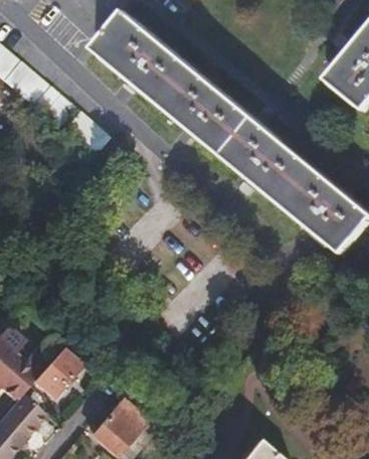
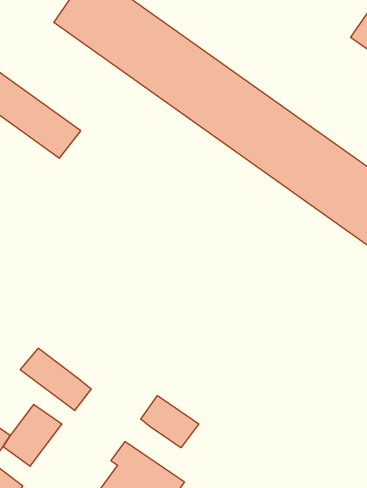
building: none -> [20,348,91,410]
building: none -> [141,396,199,448]

